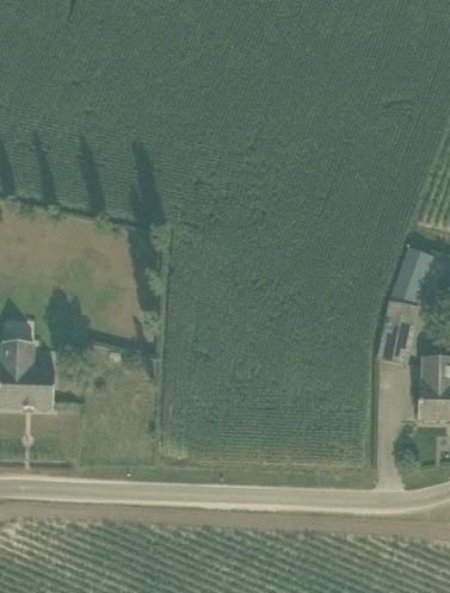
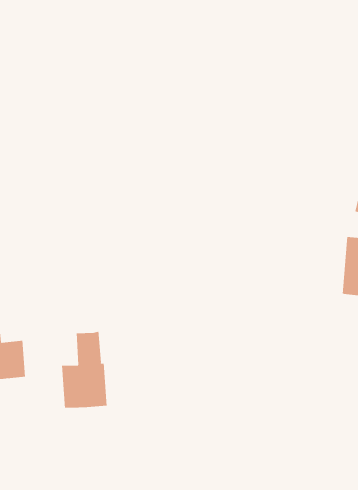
building: none -> [61,331,107,409]

